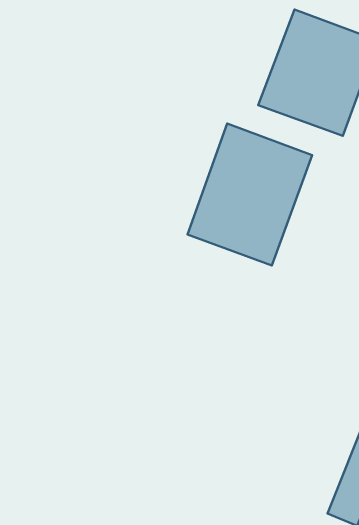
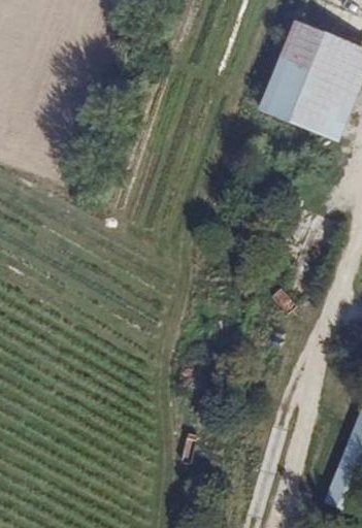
building: [188,124,312,265] -> none

